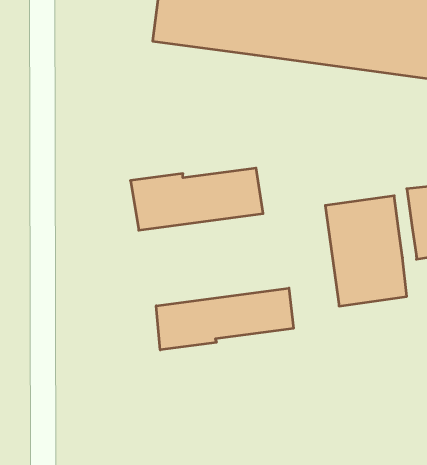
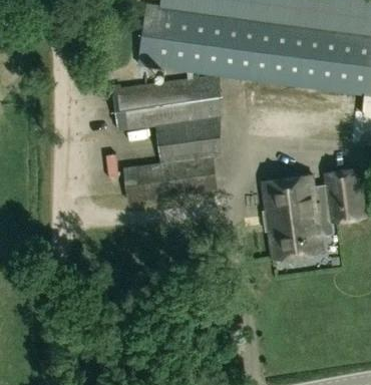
building: none -> [110,75,220,164]
building: [156,288,293,350] -> none

